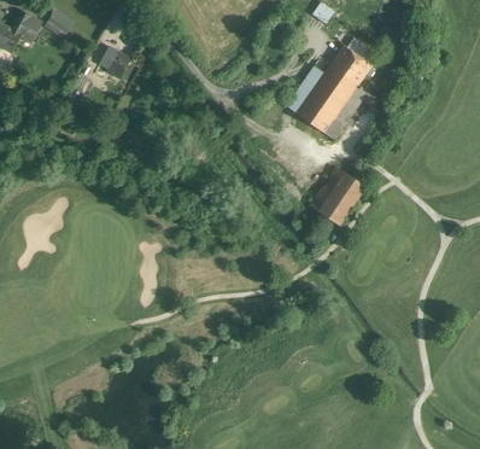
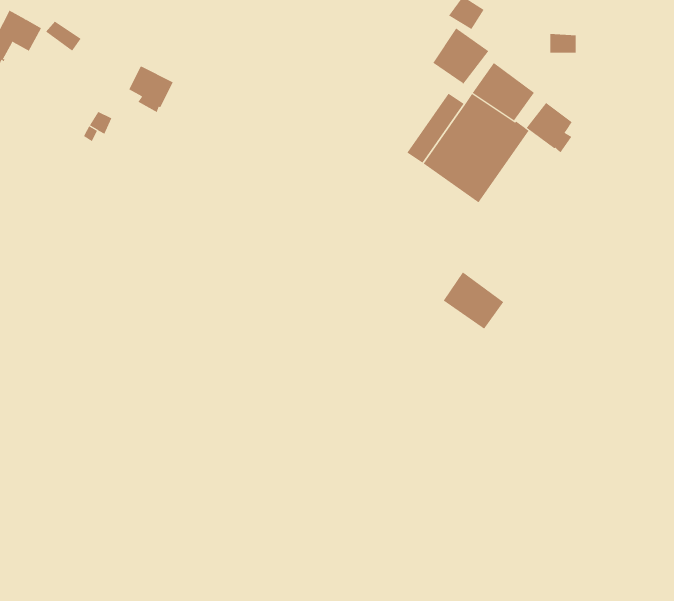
building: none -> [432,28,489,85]
building: none -> [526,101,573,153]
building: [323,167,364,205] -> none

